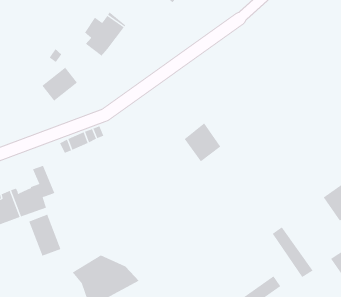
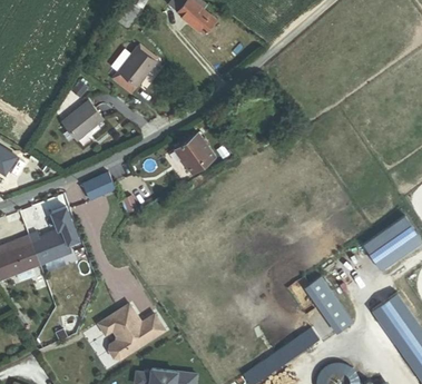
building: [184,122,221,162] -> [175,132,215,175]
building: [29,214,61,256] -> none

